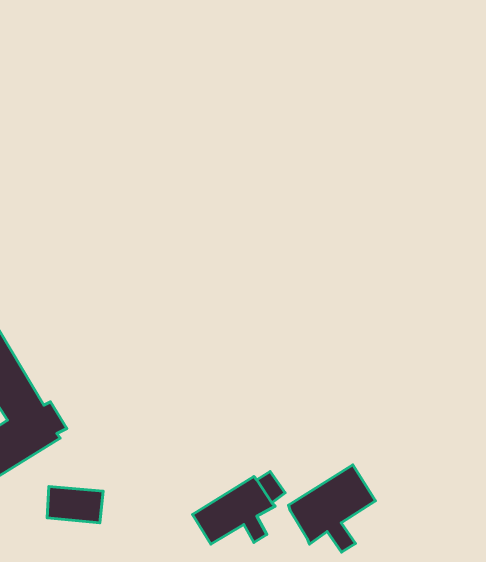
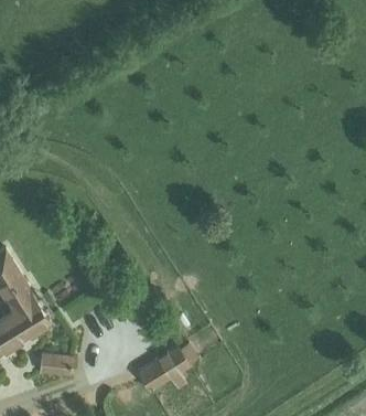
building: [288,465,376,552] -> none

